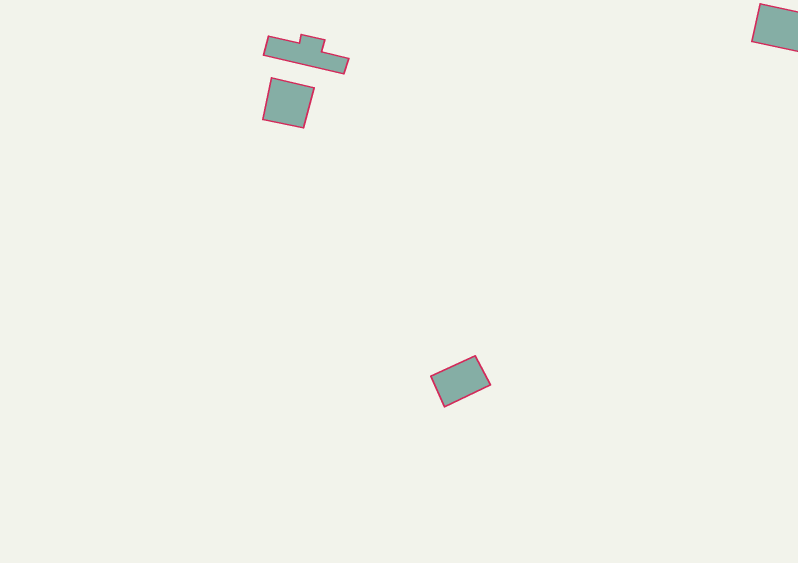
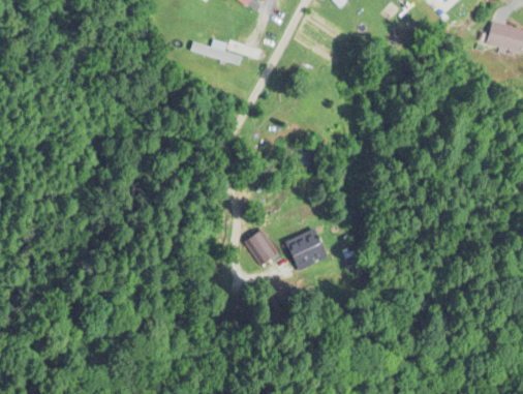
building: [263,78,314,128] -> none
building: none -> [248,231,277,264]

